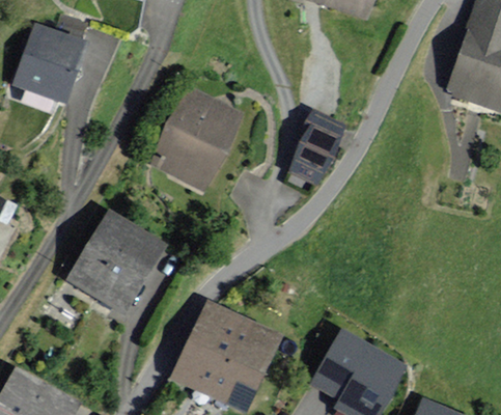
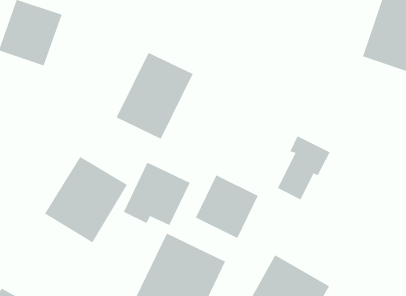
building: [287,108,351,185] -> [277,136,330,200]
building: none -> [123,162,191,226]
building: none -> [195,174,258,239]

